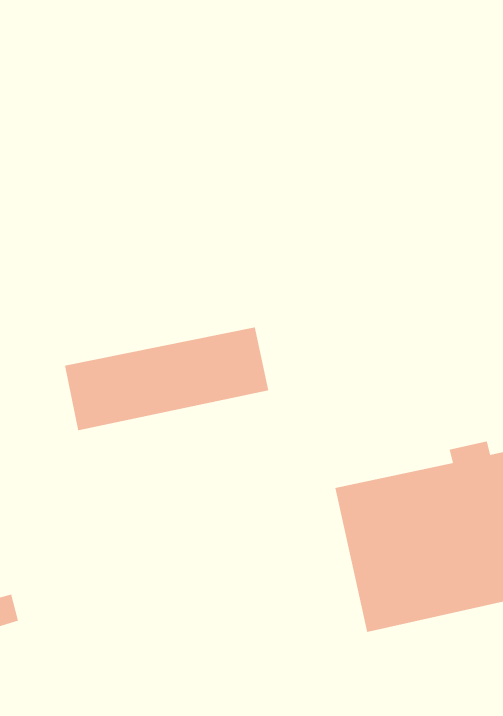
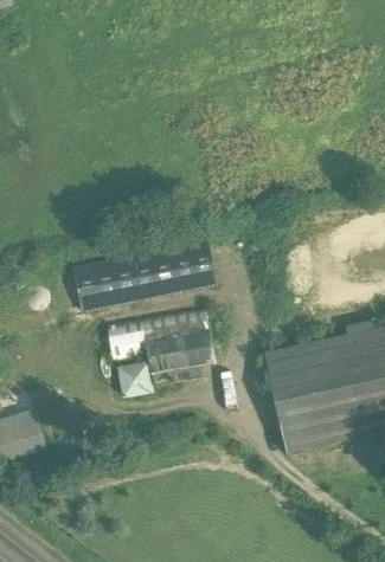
building: none -> [105,305,214,395]

